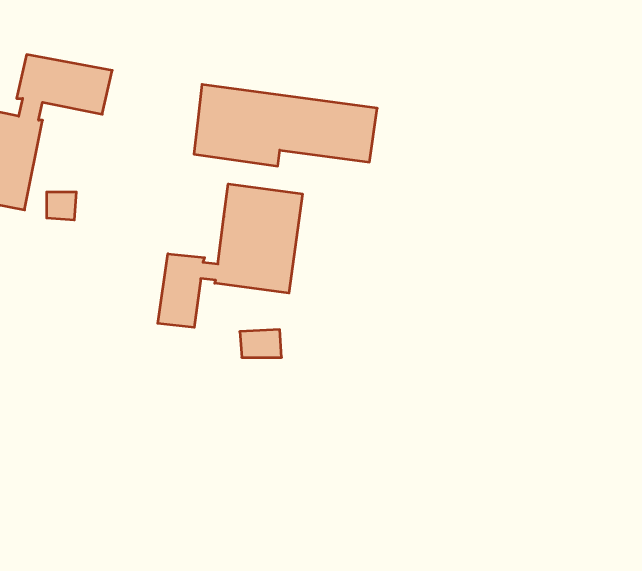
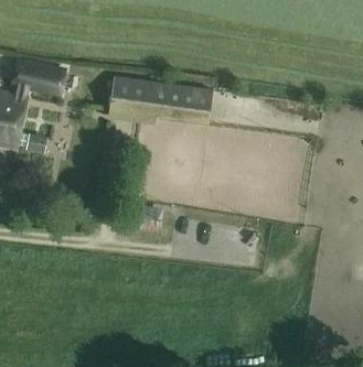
building: [158,184,302,327] -> none

